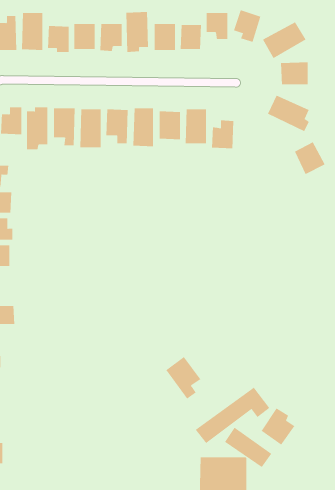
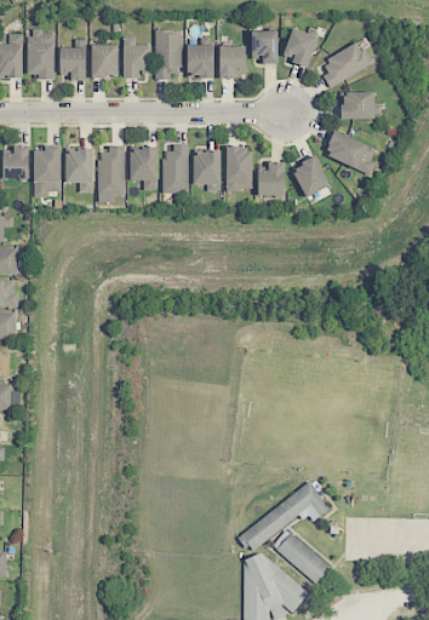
building: [294,142,325,175] -> [292,157,330,197]
building: [166,356,201,399] -> none
building: [261,407,295,446] -> none

